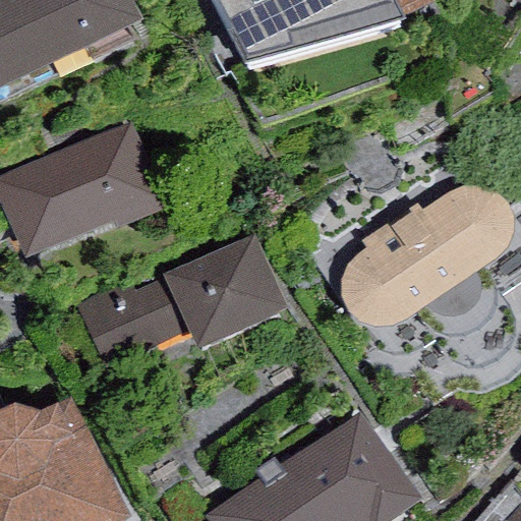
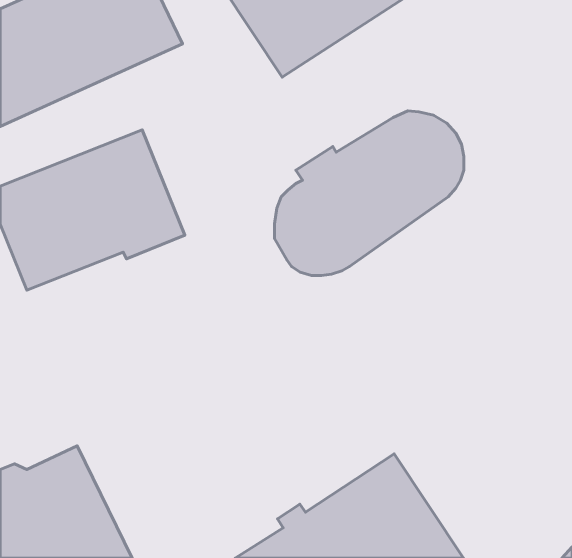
building: [340,181,512,331] -> [275,111,464,275]
building: [73,237,288,366] -> none

